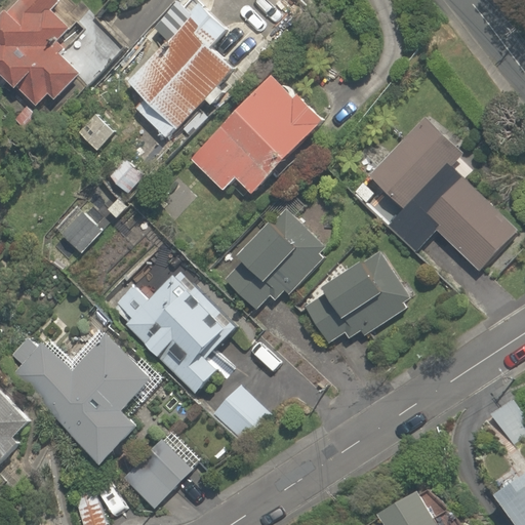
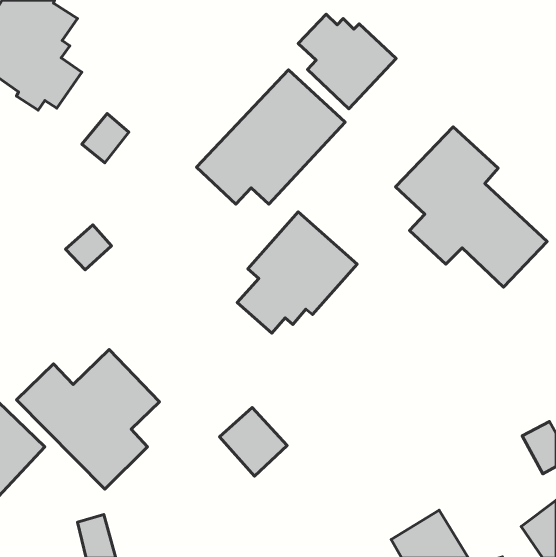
building: none -> [298,14,396,109]
building: [127,23,234,136] -> none
building: [304,251,412,341] -> none
building: [113,271,225,393] -> none
building: [127,437,195,503] -> none

